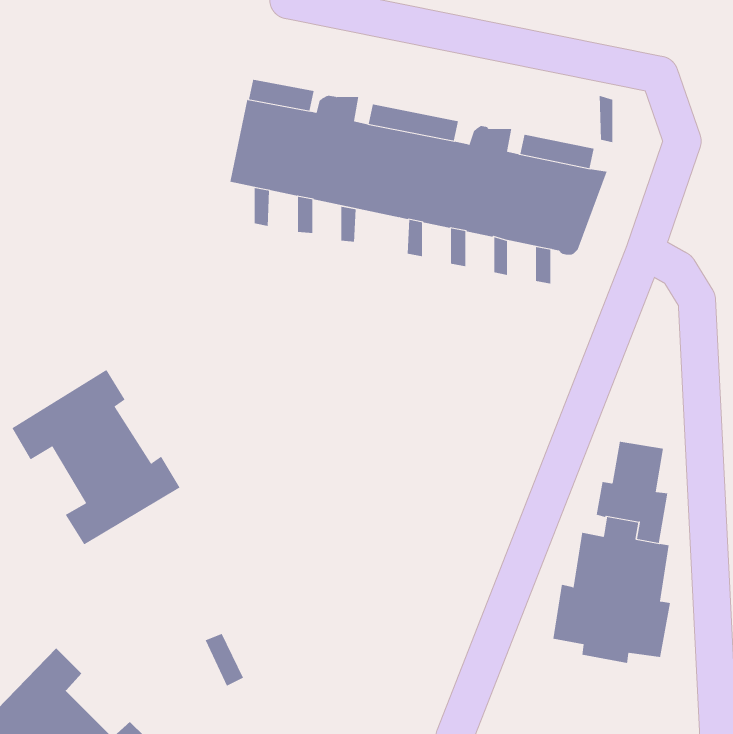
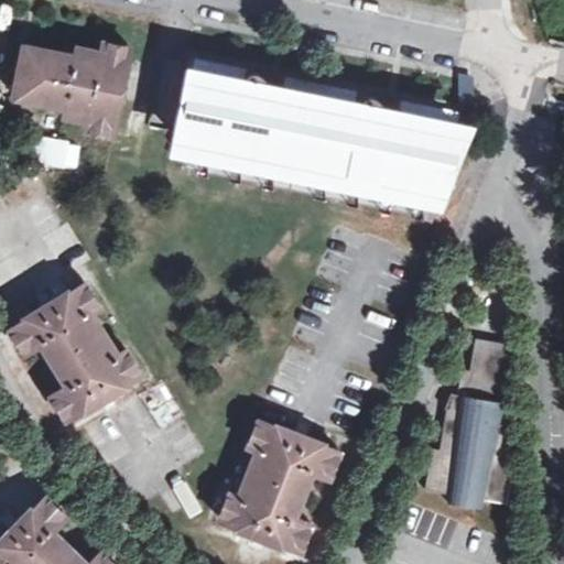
building: none -> [11,44,128,133]
building: none -> [218,422,336,551]

